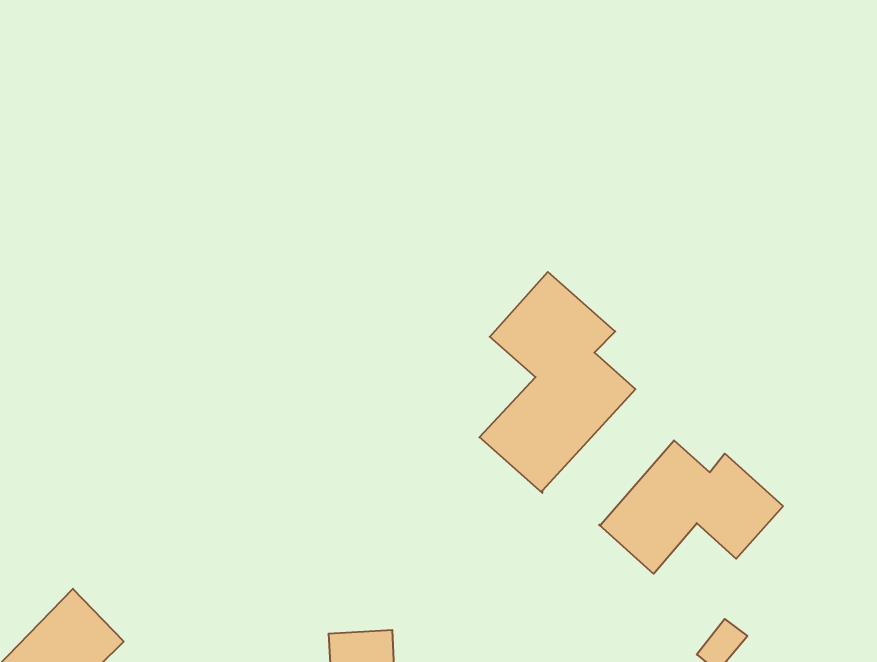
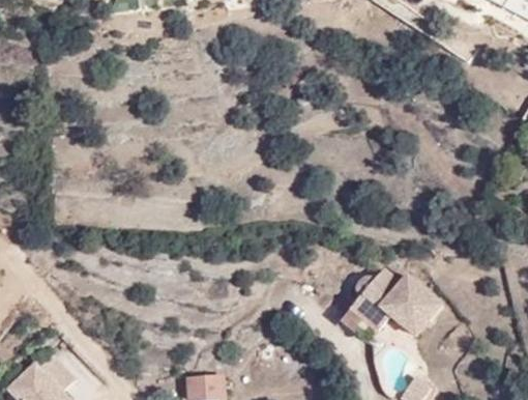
building: [479,272,635,493] -> none

